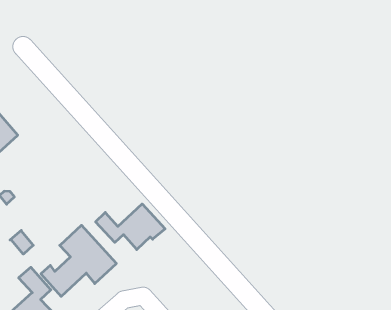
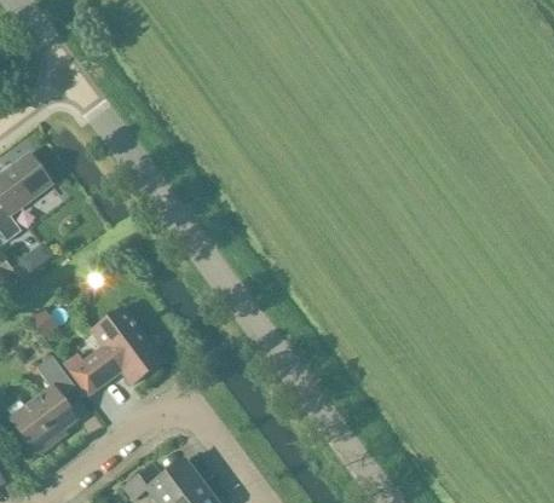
building: [96,204,165,250] -> none

